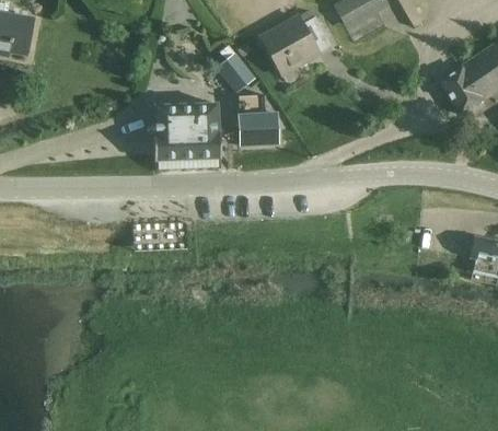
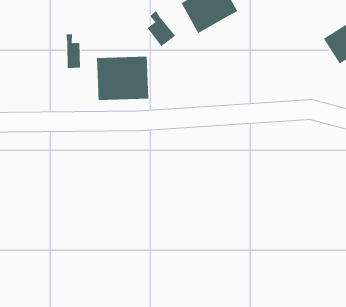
building: none -> [66,33,81,69]
building: [238,95,279,147] -> none

